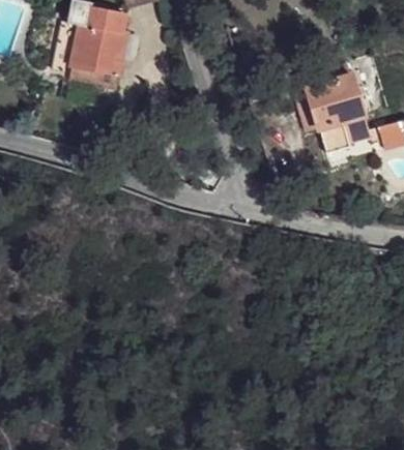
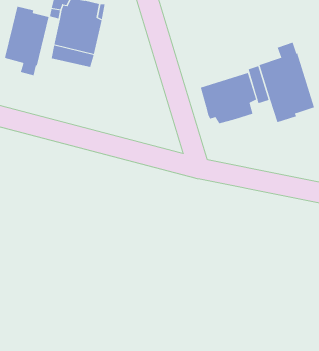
building: none -> [5,6,49,76]
building: none -> [200,72,257,124]

